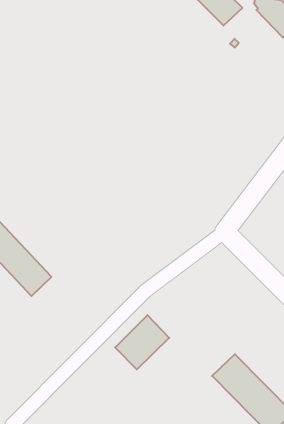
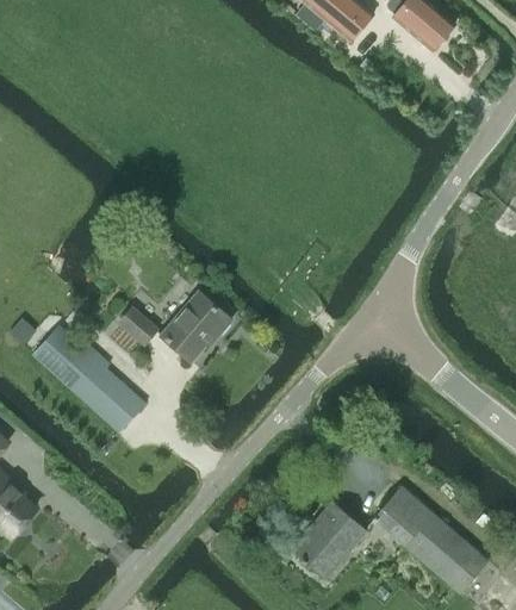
building: none -> [161,293,230,361]
building: none -> [118,305,158,344]
building: [115,315,169,369] -> [292,502,365,577]

